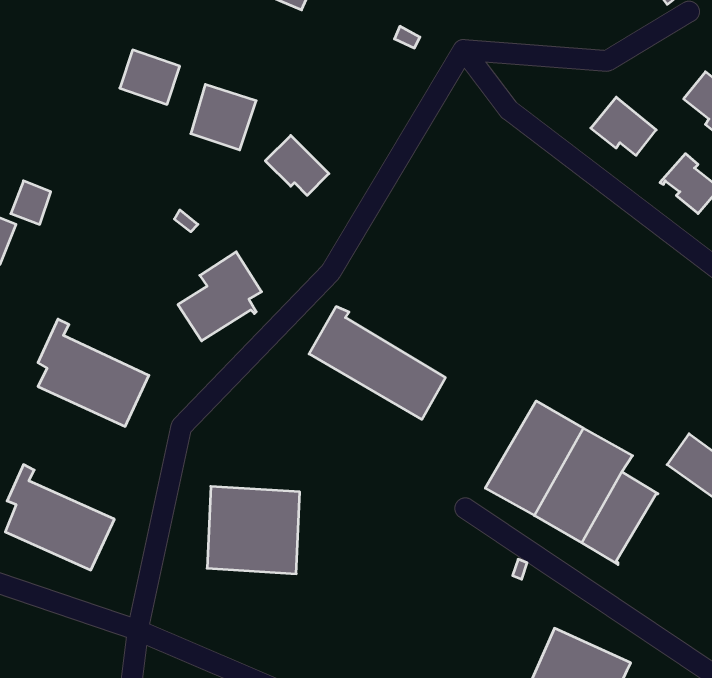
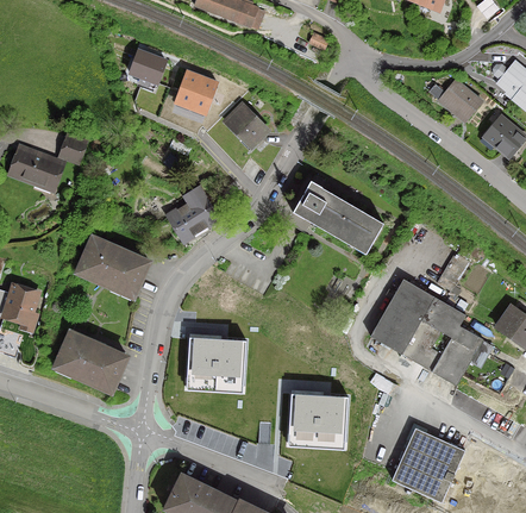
building: [309,307,445,419] -> [292,182,381,256]
building: none -> [288,392,351,450]

